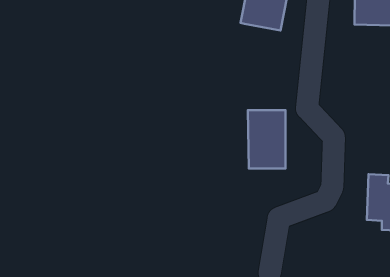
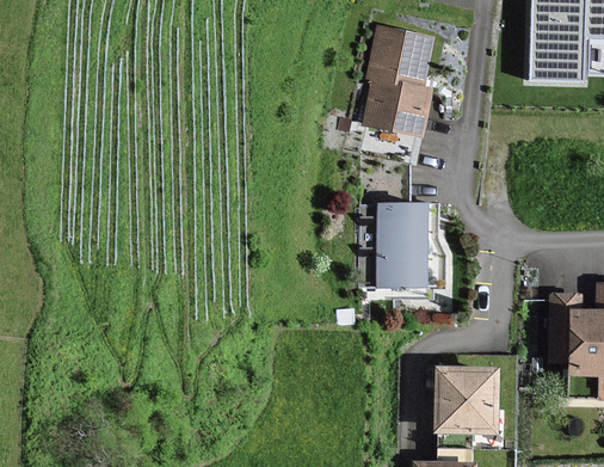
building: none -> [363,79,431,136]
building: none -> [437,367,498,431]

